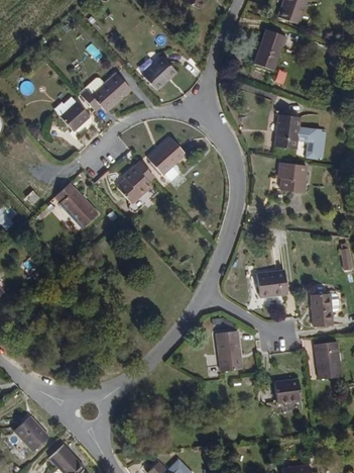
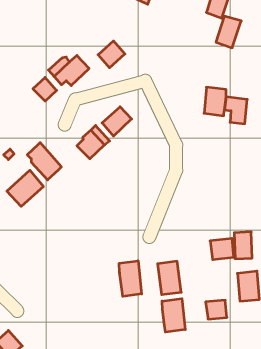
building: [253,35,284,75] -> [216,16,241,48]
building: [277,162,308,192] -> none
building: none -> [7,170,43,206]
building: [256,271,285,297] -> [210,238,234,260]
building: none -> [119,261,142,296]
building: none -> [162,299,185,332]

